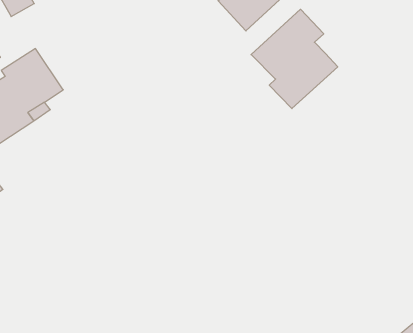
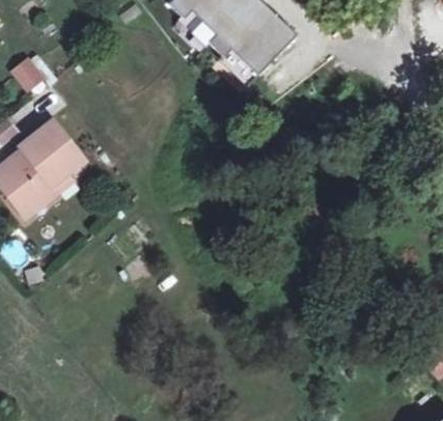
building: [251,9,338,109] -> none

